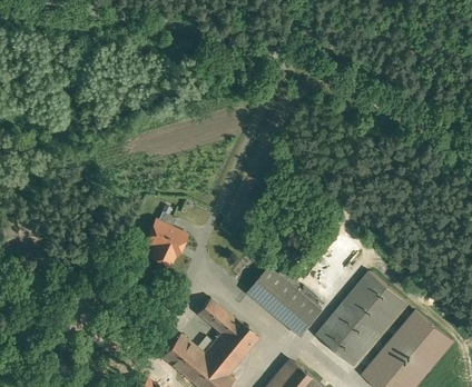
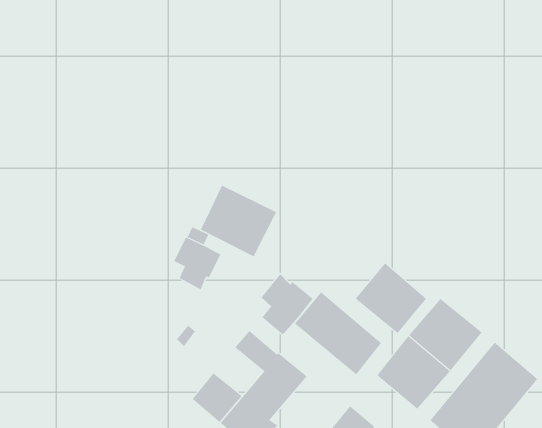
building: none -> [200,185,277,257]
building: none -> [355,262,427,334]
building: none -> [261,273,314,335]

